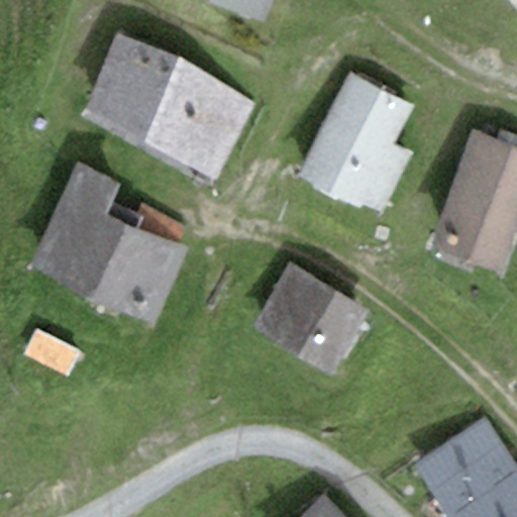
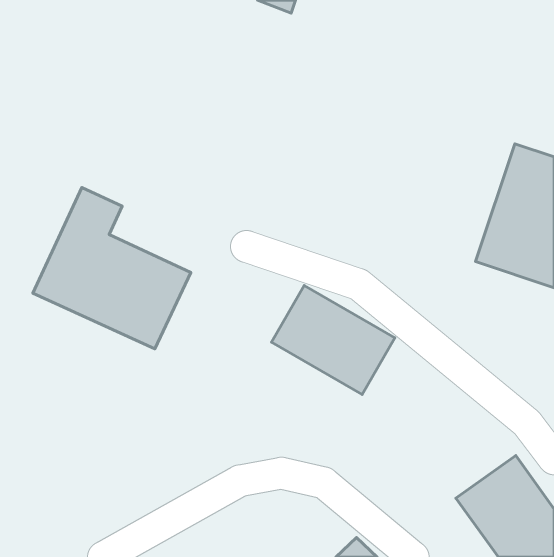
building: [105,43,263,165] -> none
building: [297,82,410,216] -> none

